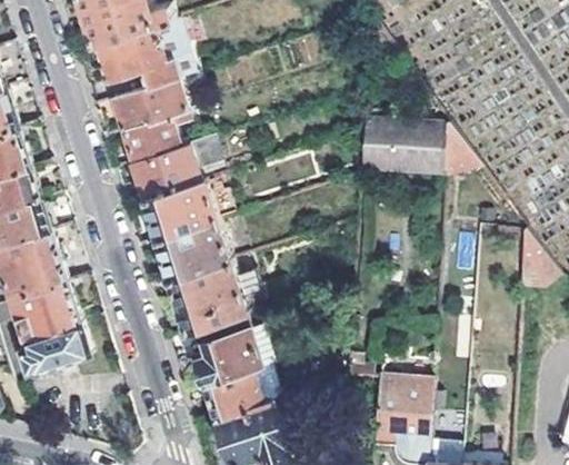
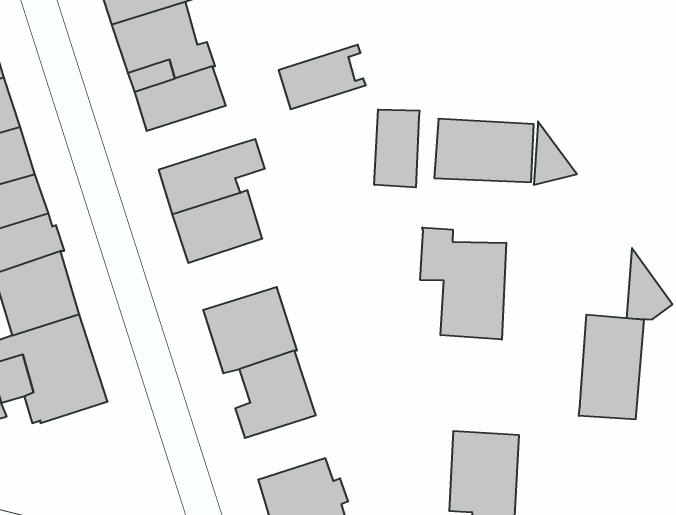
building: [121,107,193,160] -> [279,45,366,109]
building: none -> [374,109,420,187]
building: none -> [420,227,506,340]
building: [156,217,229,276] -> none
building: none -> [579,315,644,419]
building: [202,360,280,416] -> none

